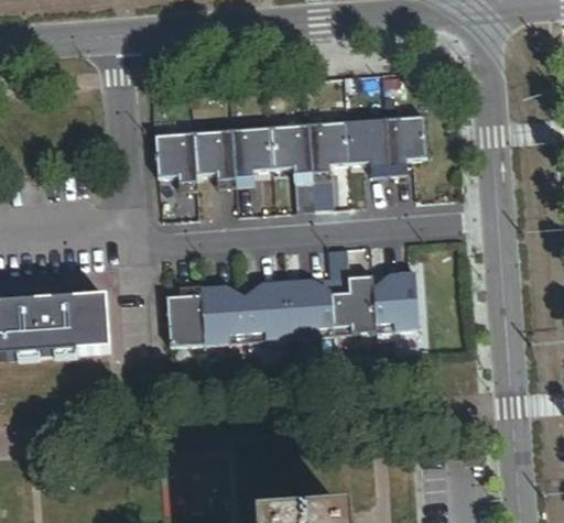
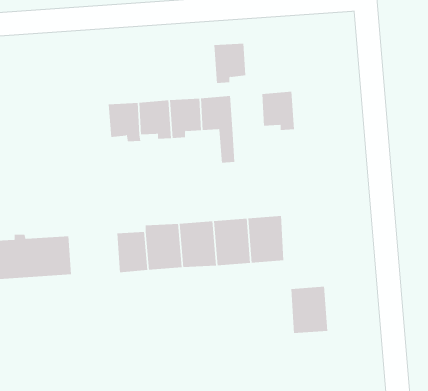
building: [386,116,426,166] -> none
building: [308,121,349,172] -> [214,43,246,84]
building: [372,271,420,330] -> [290,286,328,334]

